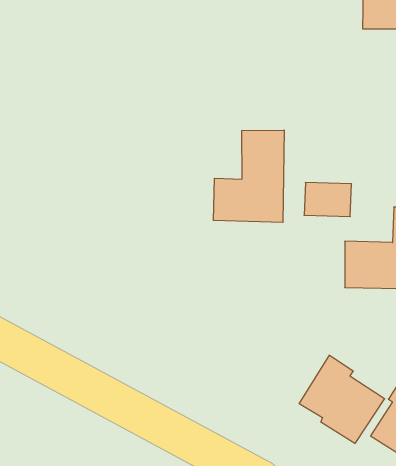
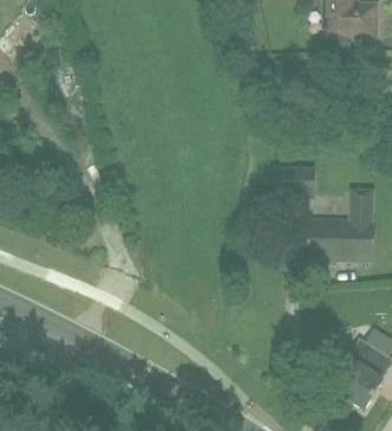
building: [213,130,284,222] -> none
building: [299,355,385,443] -> none

